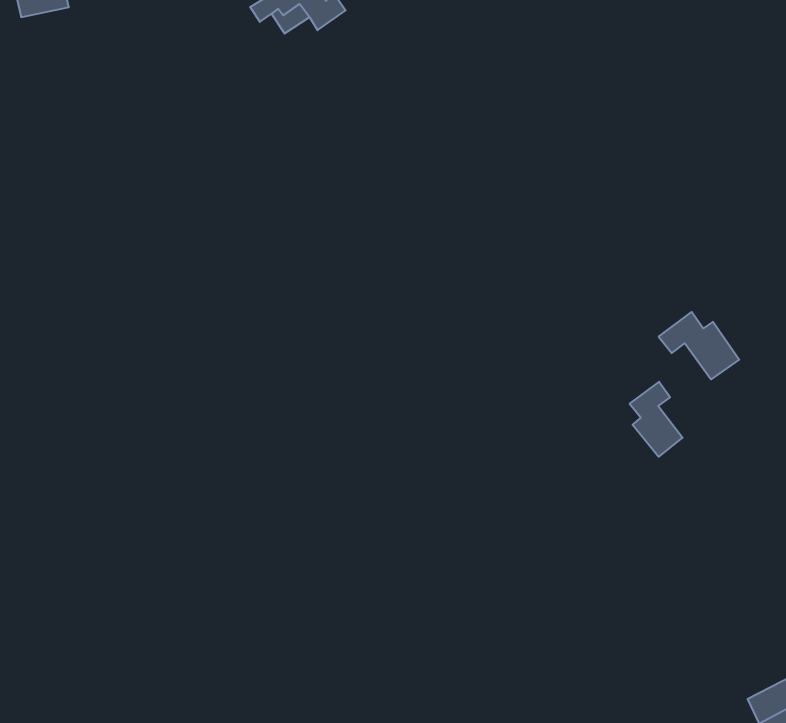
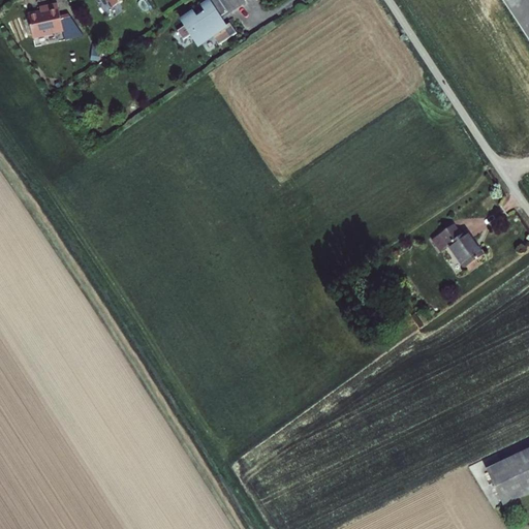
building: [630,382,683,457] -> none

